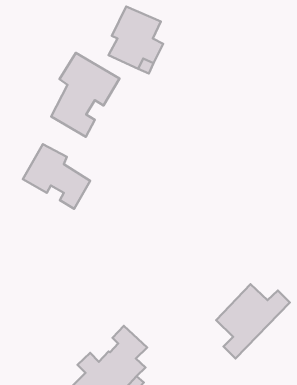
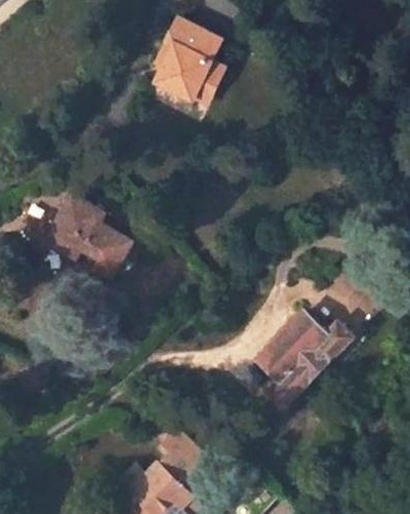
building: [51,53,120,137] -> none
building: [216,284,290,359] -> [256,313,351,408]

